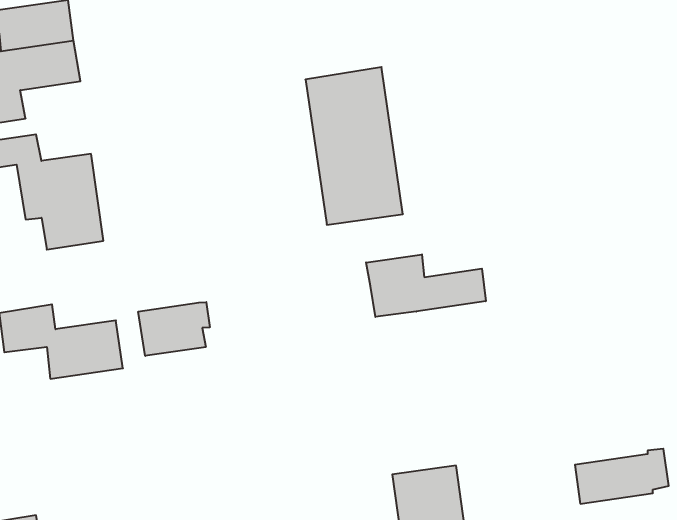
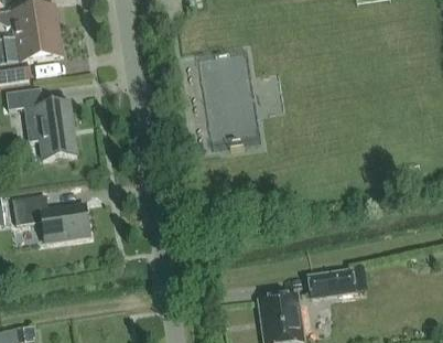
building: [366,254,486,317] -> none
building: [138,302,210,356] -> none
building: [575,449,669,504] -> [307,265,366,299]

